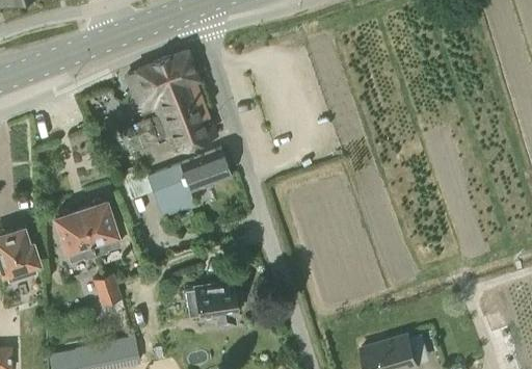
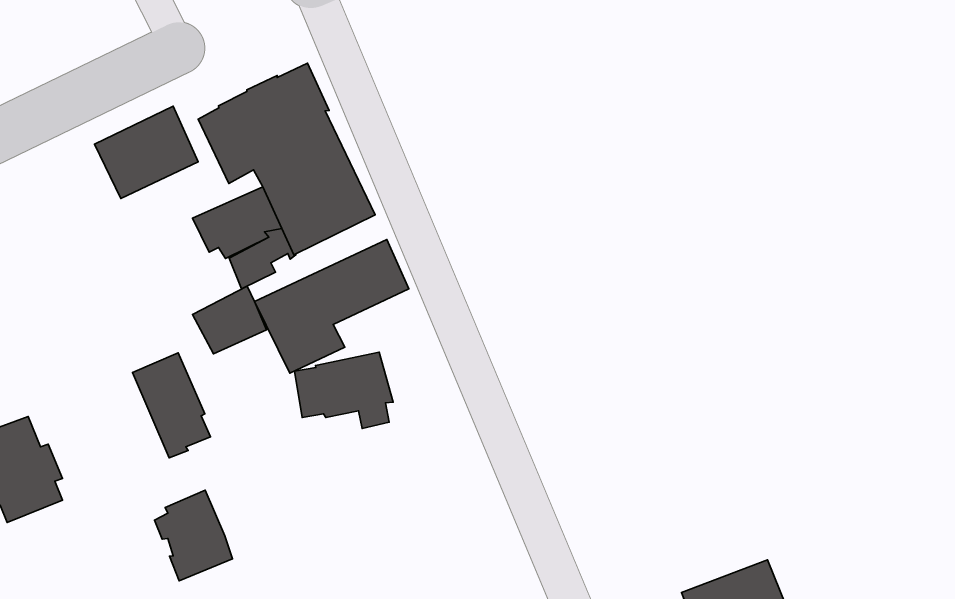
building: none -> [94,106,198,199]
building: [54,208,96,261] -> none
building: [185,285,236,324] -> [294,352,393,428]

